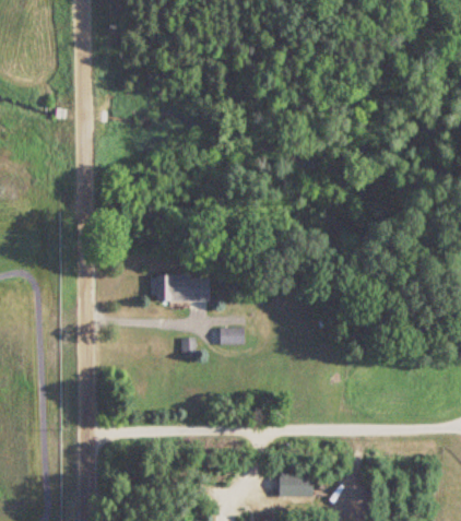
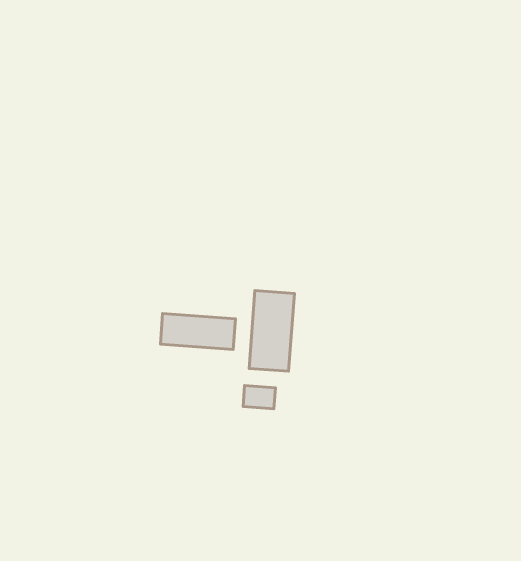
building: none -> [249,291,294,371]

